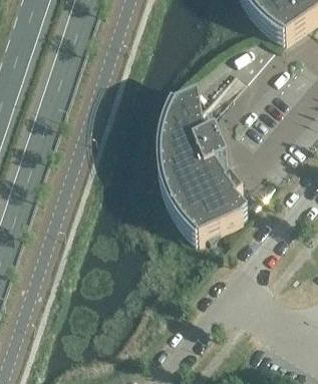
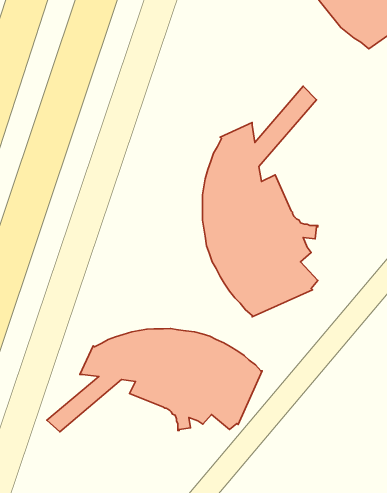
building: none -> [47,329,262,432]

